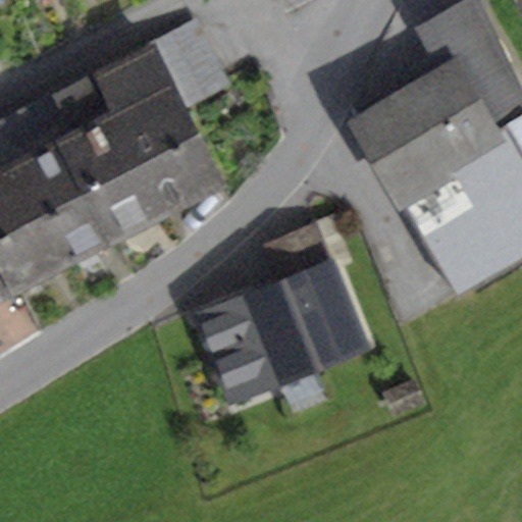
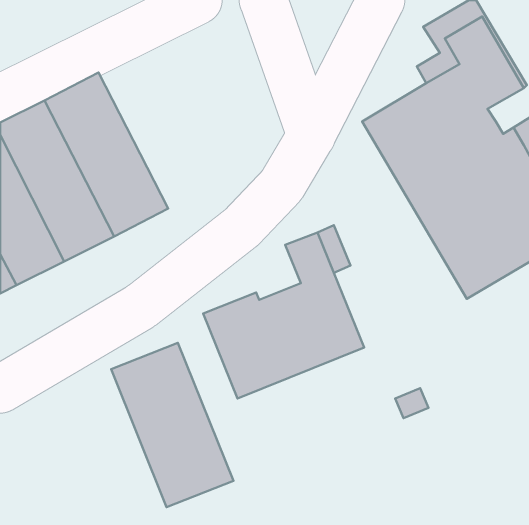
building: [98,33,224,210] -> none
building: none -> [111,343,233,507]

